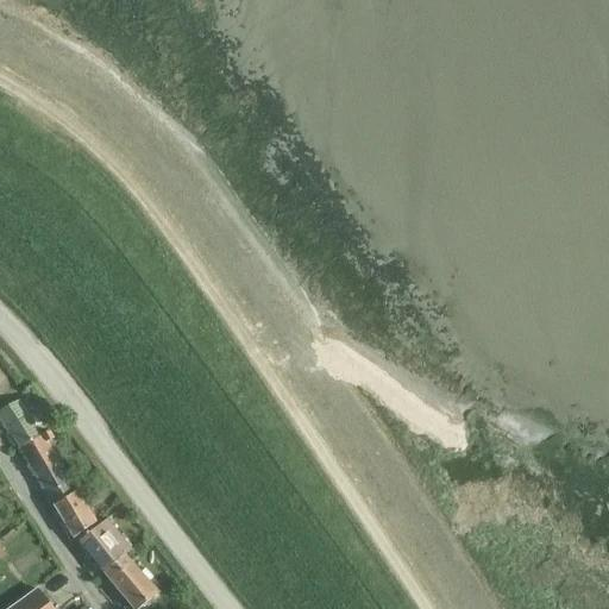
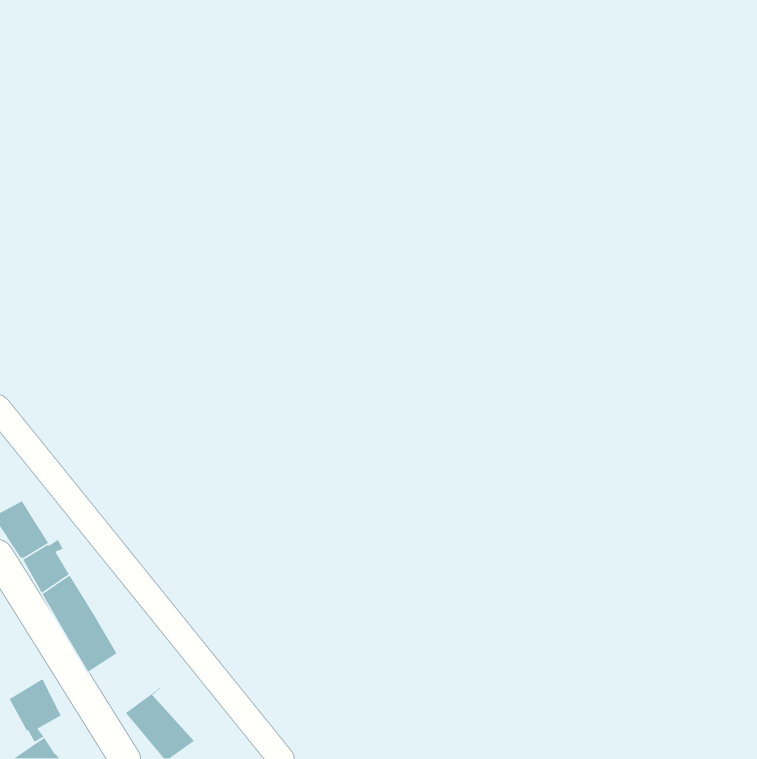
building: [77,519,128,570] -> none
building: none -> [8,678,62,743]

